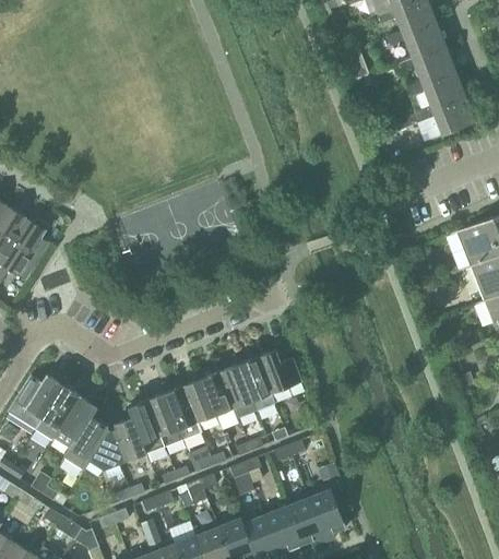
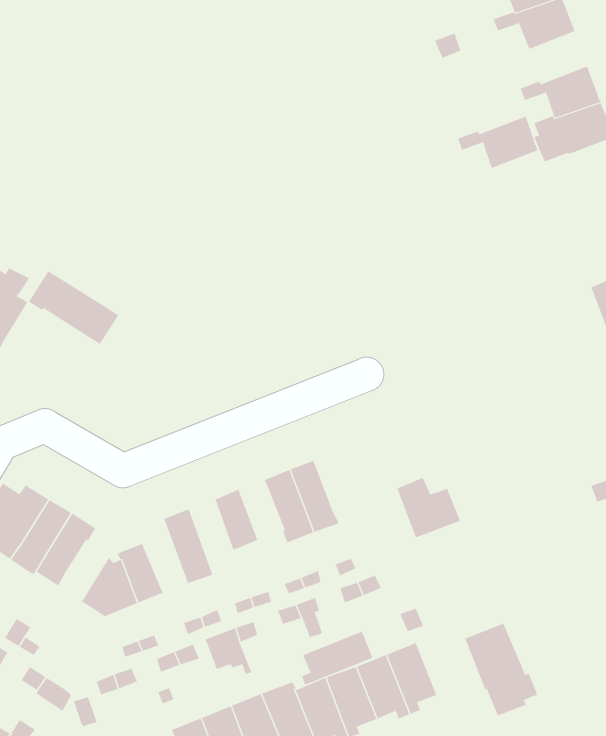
building: [396,46,455,84] -> [457,116,538,168]
building: none -> [28,271,119,345]
building: [257,349,304,394] -> [396,477,461,539]
building: [202,371,235,415] -> none
building: [166,385,202,440] -> none
building: [129,400,165,453] -> none
building: [64,406,109,469] -> none
building: none -> [464,623,538,716]
building: none -> [301,631,373,685]

